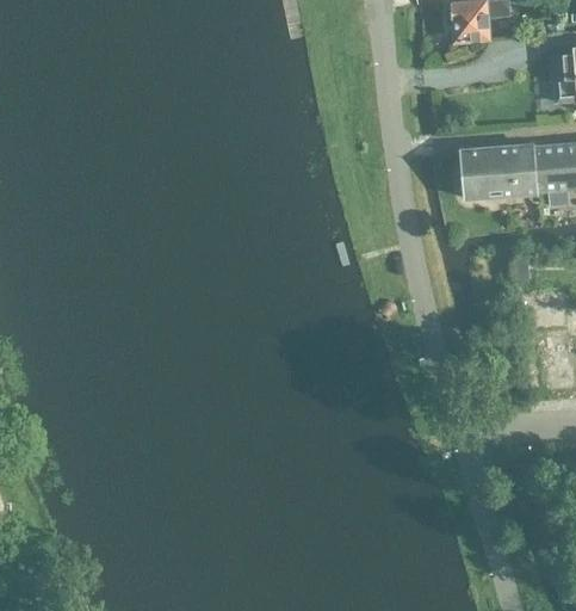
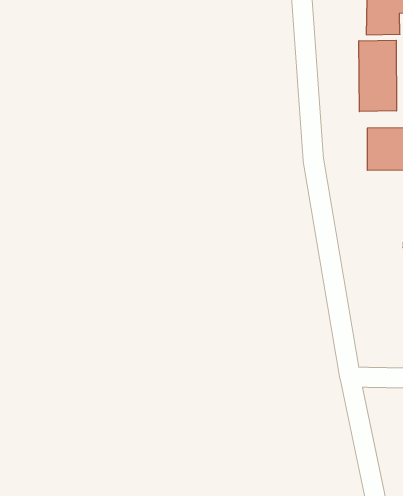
building: none -> [359,40,396,112]

